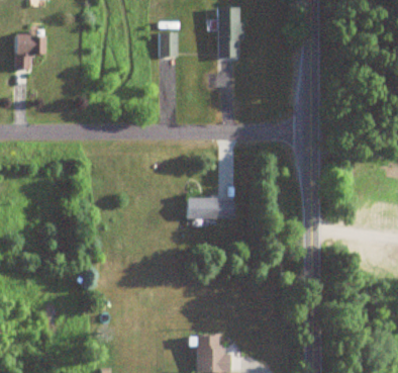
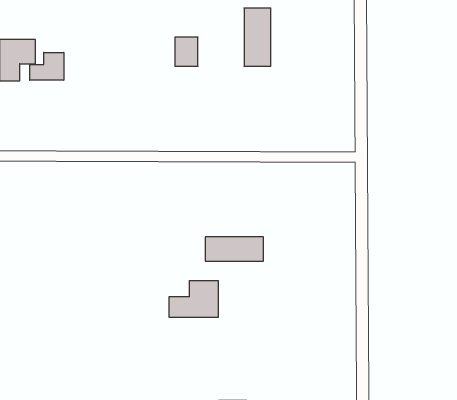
building: none -> [30,52,64,80]
building: none -> [169,281,218,317]

